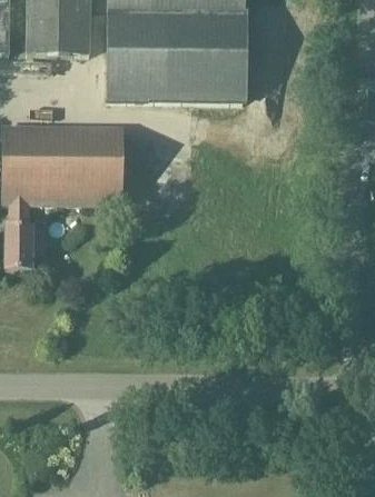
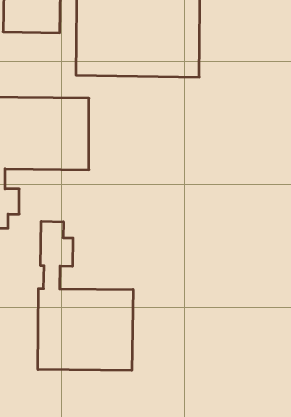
building: none -> [38,221,133,370]

